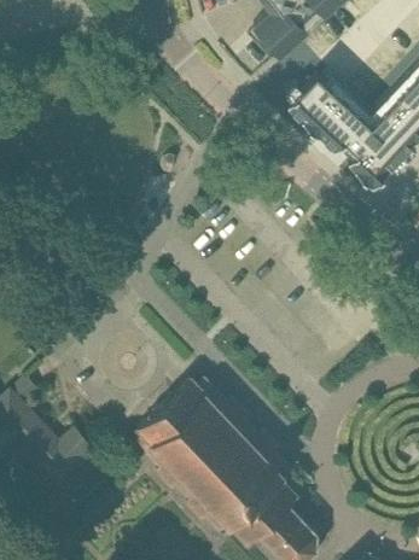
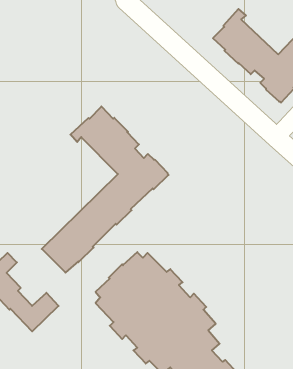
building: none -> [42,106,169,273]

